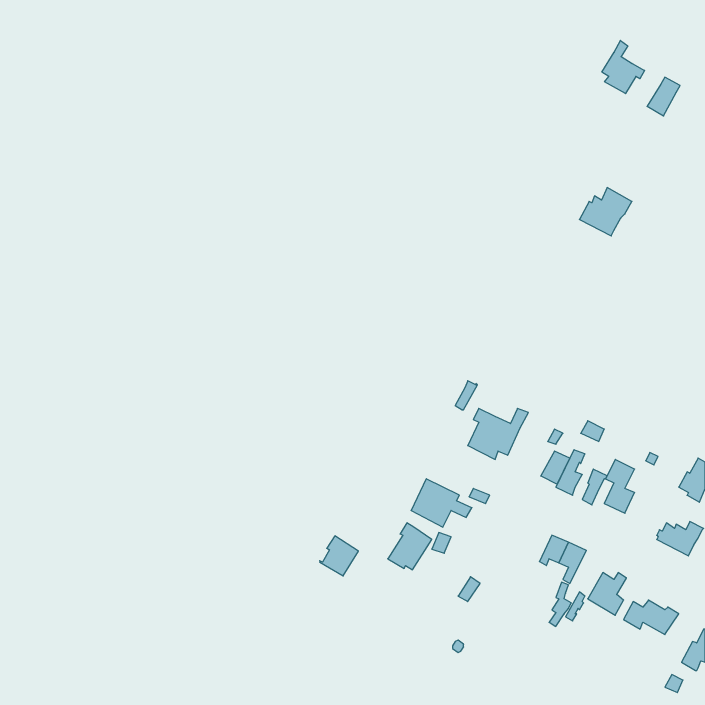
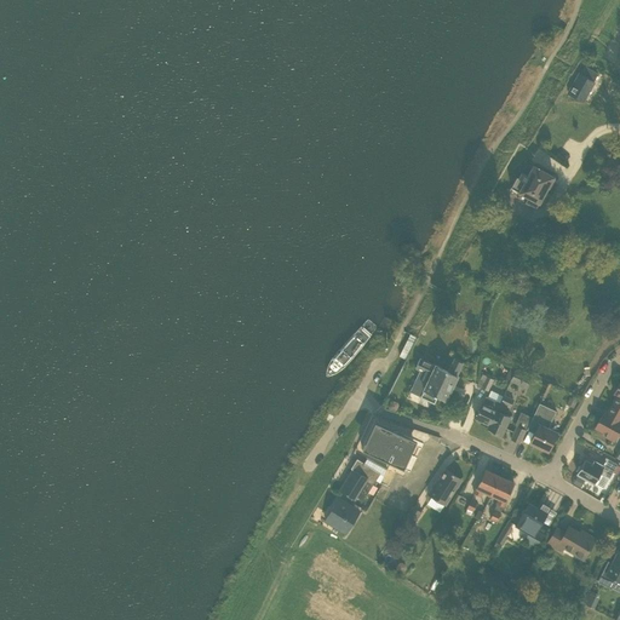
building: [602,40,645,94] -> none
building: none -> [429,469,461,504]
building: [320,536,358,576] -> [326,498,360,533]

